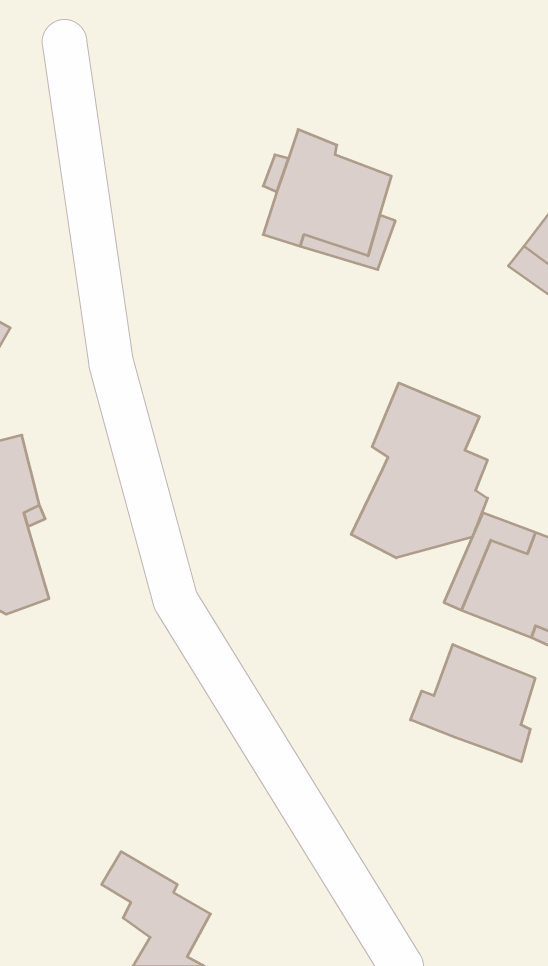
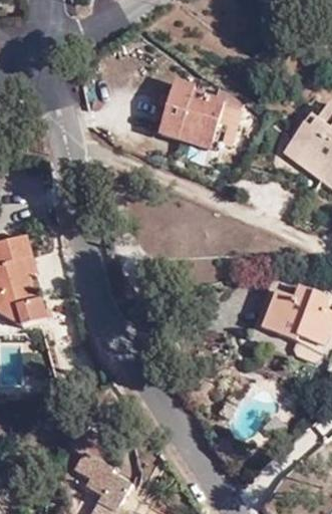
building: [351,383,488,558] -> none
building: [410,644,535,762] -> none

